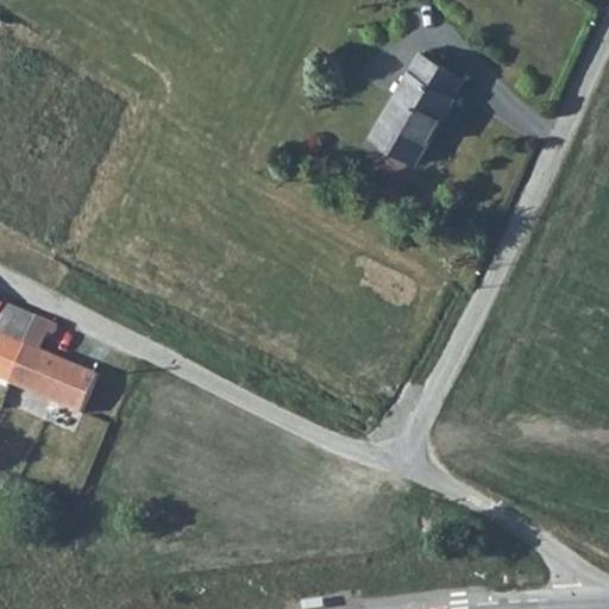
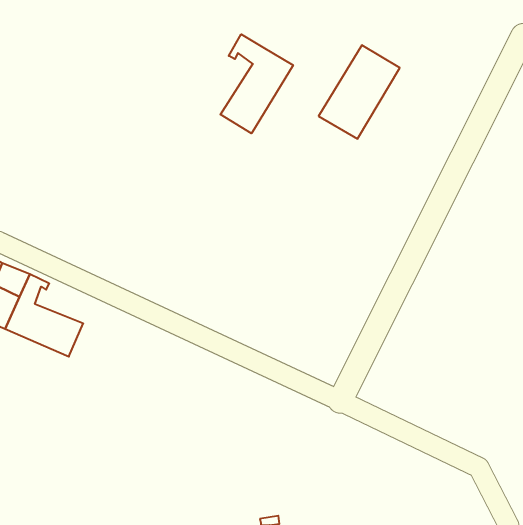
building: none -> [220,34,293,133]

